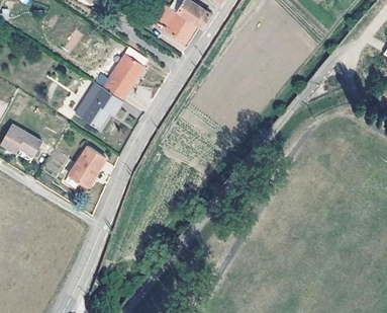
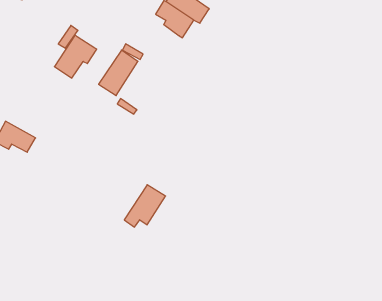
building: [81,85,122,128] -> [54,35,97,78]
building: [65,146,105,187] -> [124,185,166,227]

